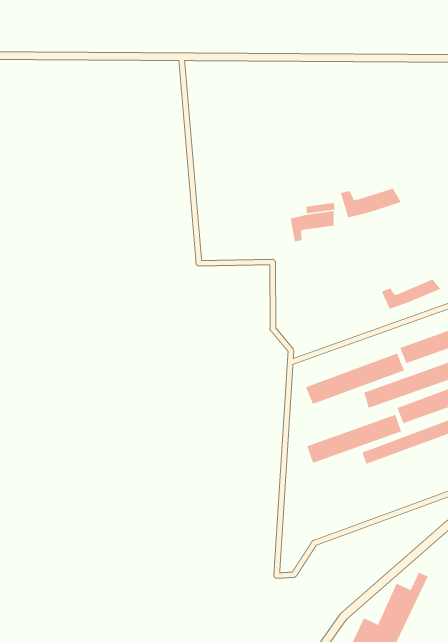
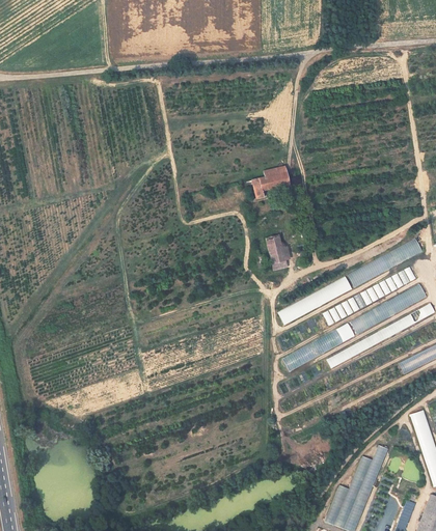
building: [340,187,402,218] -> none
building: [381,279,442,310] -> none
building: none -> [263,233,285,271]

